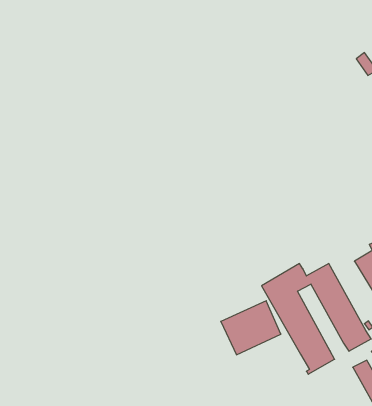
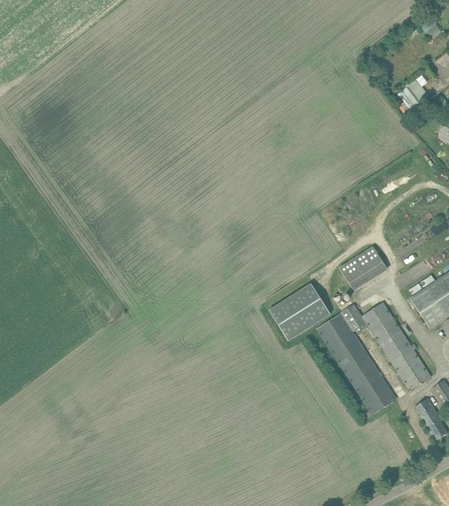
building: none -> [340,245,390,291]
building: [221,301,281,355] -> [270,283,332,340]

